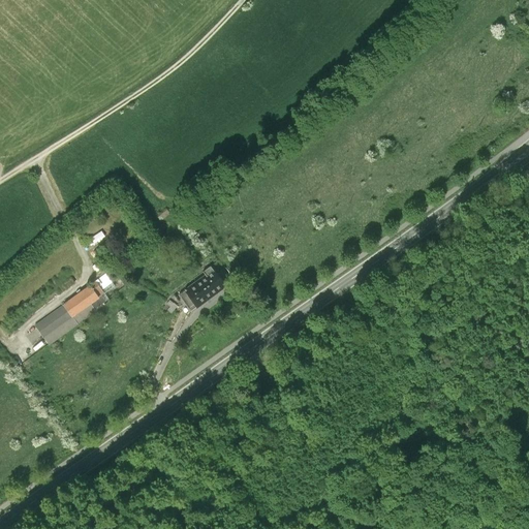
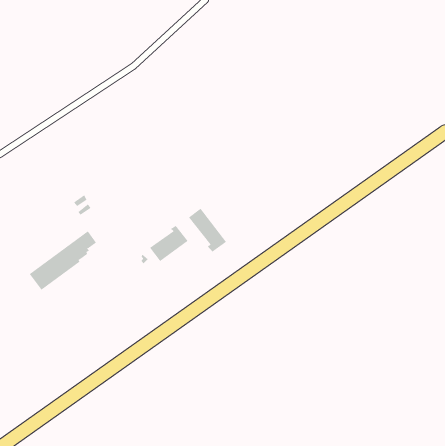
building: none -> [188,208,227,252]

